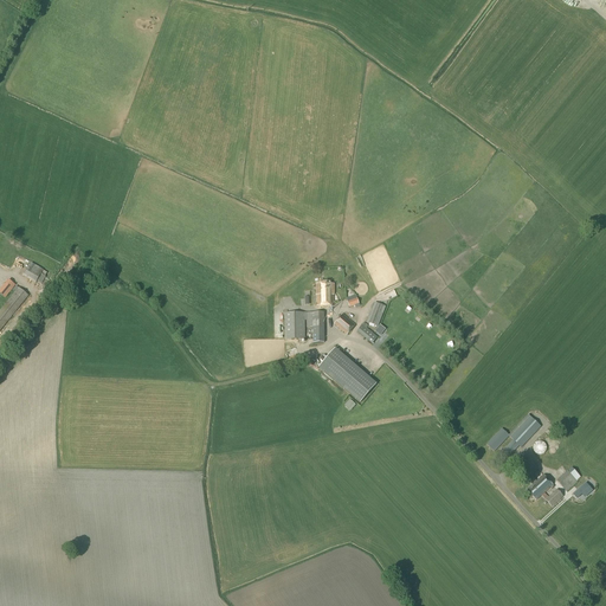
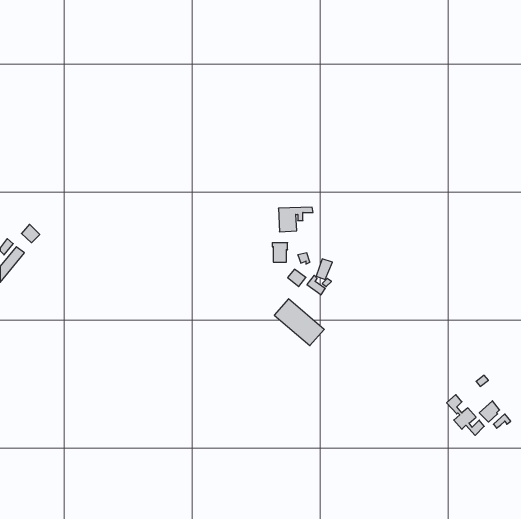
building: [284,310,324,339] -> [278,207,313,232]
building: [486,413,541,458] -> none

